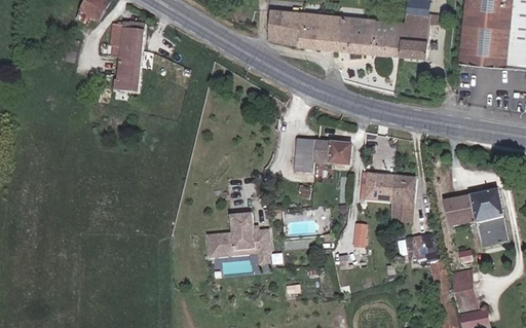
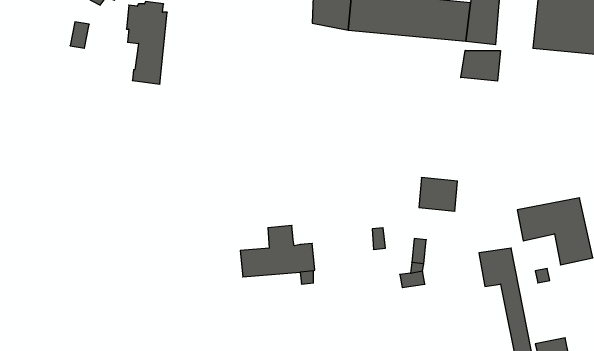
building: none -> [461,50,500,81]
building: [294,138,351,172] -> none
building: [390,175,415,221] -> none
building: [452,269,478,313] -> none

